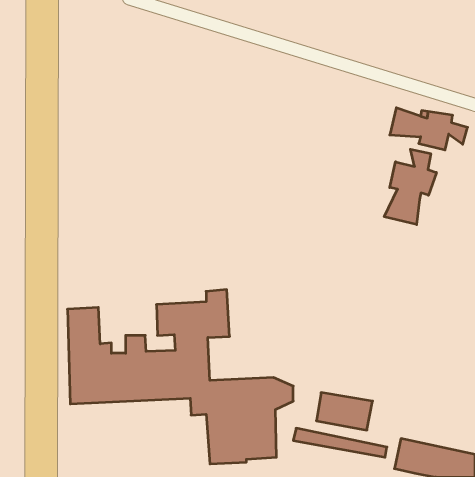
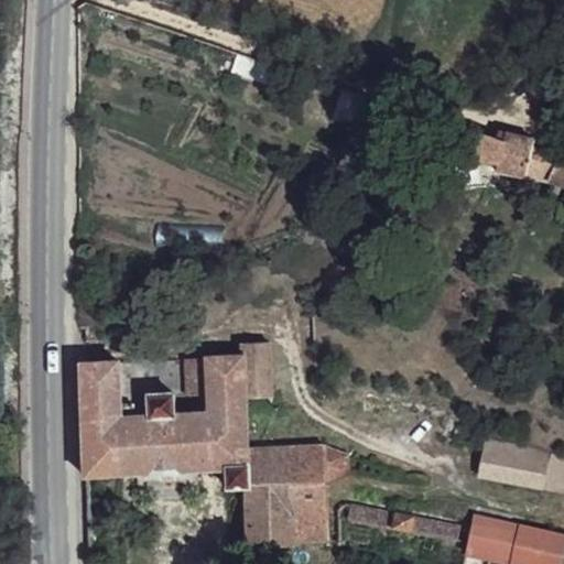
building: [384,149,436,225] -> none
building: [316,393,373,430] -> [480,442,546,486]

